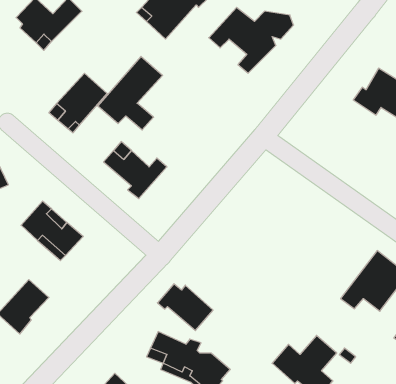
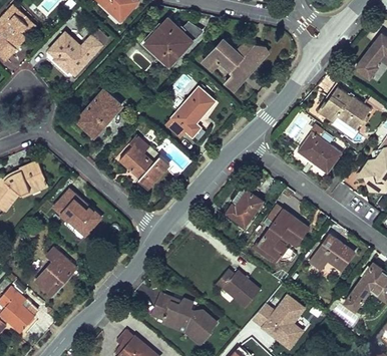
building: [98,56,163,130] -> [165,87,217,145]
building: none -> [298,128,344,172]
building: none -> [228,188,266,226]
building: none -> [258,205,311,265]
building: [157,284,213,331] -> [217,271,261,308]

